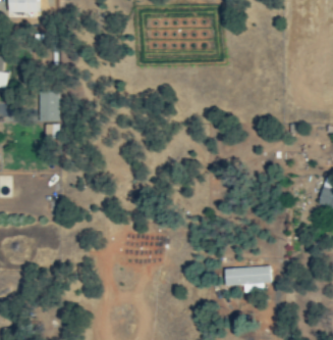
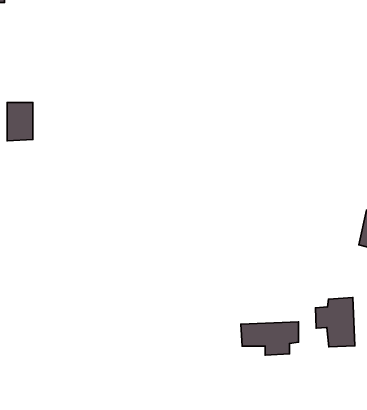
building: none -> [315,297,355,347]

